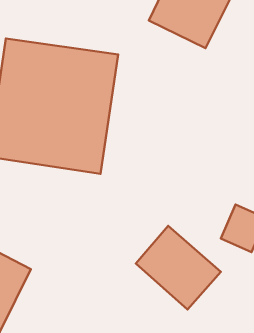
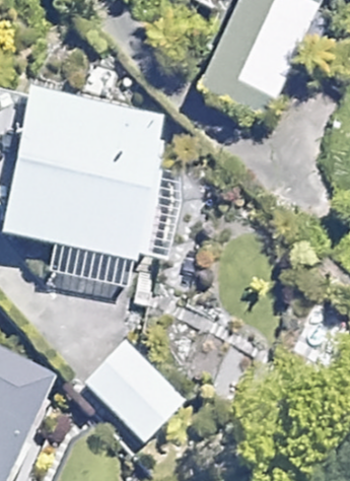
building: [136,226,221,310] -> [81,337,188,442]

